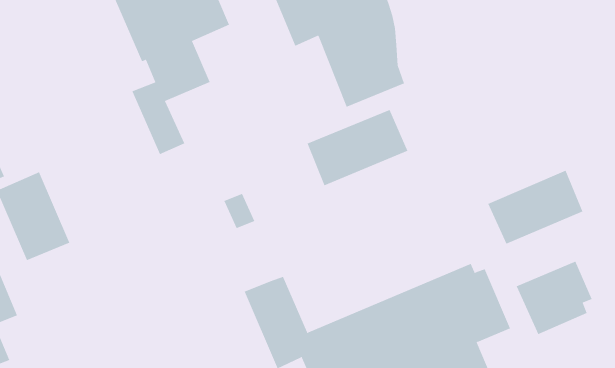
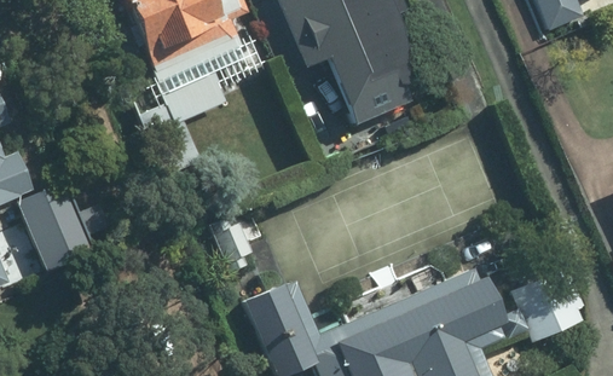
building: [307,109,408,186] -> none
building: [488,170,583,245] -> none

